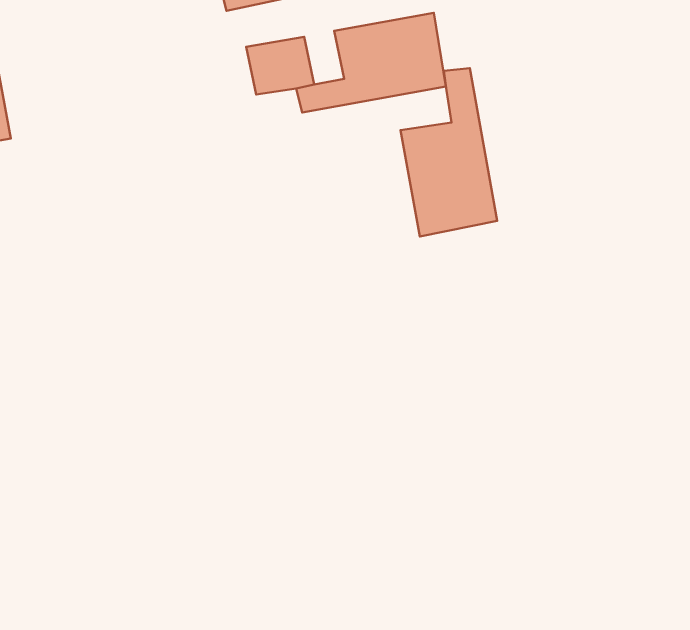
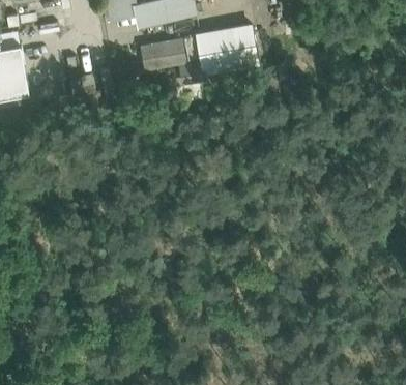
building: [401,68,497,236] -> none

